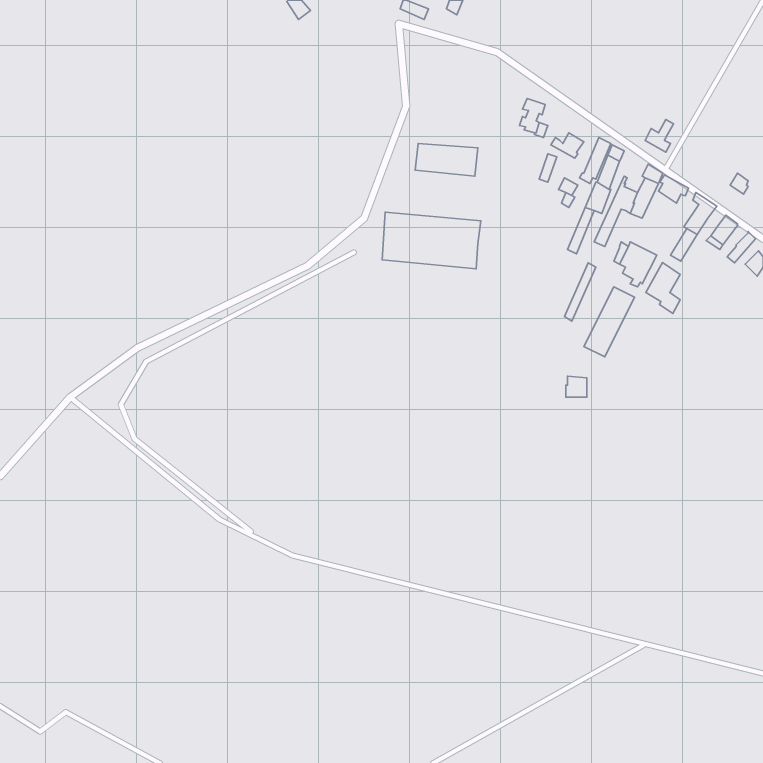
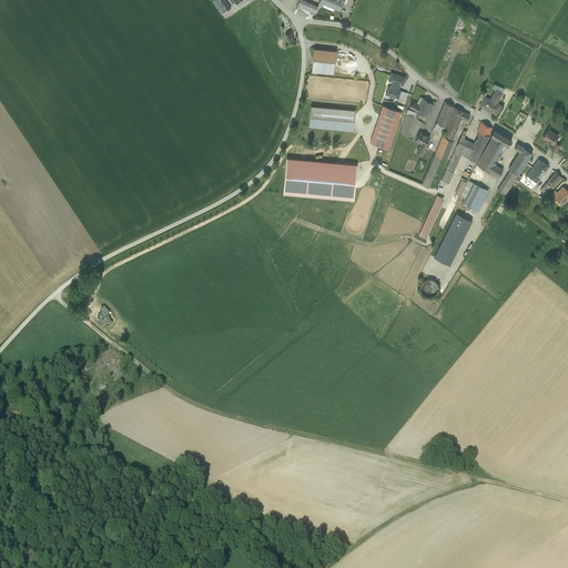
building: none -> [312,49,336,73]
building: none -> [369,105,402,149]
building: [646,263,680,313] -> [477,142,503,180]

